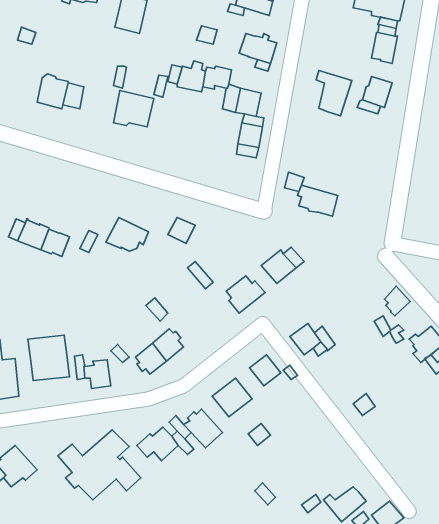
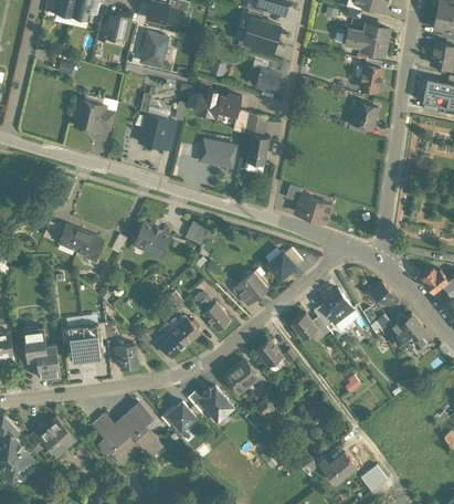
building: [316,70,352,116] -> none
building: none -> [200,140,236,168]
building: none -> [323,288,353,324]
building: none -> [196,298,230,330]

